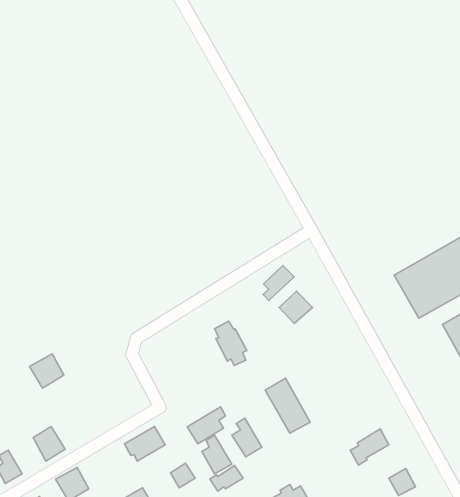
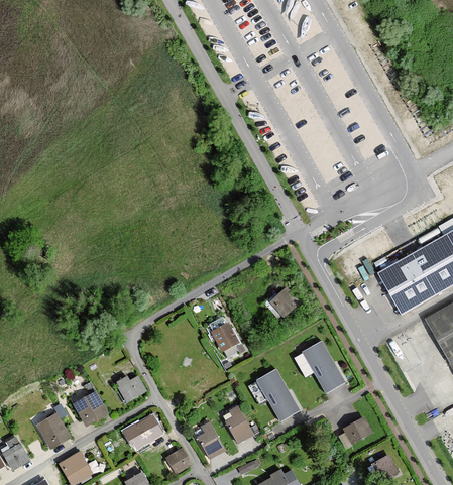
building: [263,265,294,301] -> none
building: none -> [303,341,344,393]
building: [30,354,64,388] -> [74,392,106,425]
building: none -> [116,376,144,400]
building: [187,407,226,444] -> none
building: [210,466,243,491] -> none

